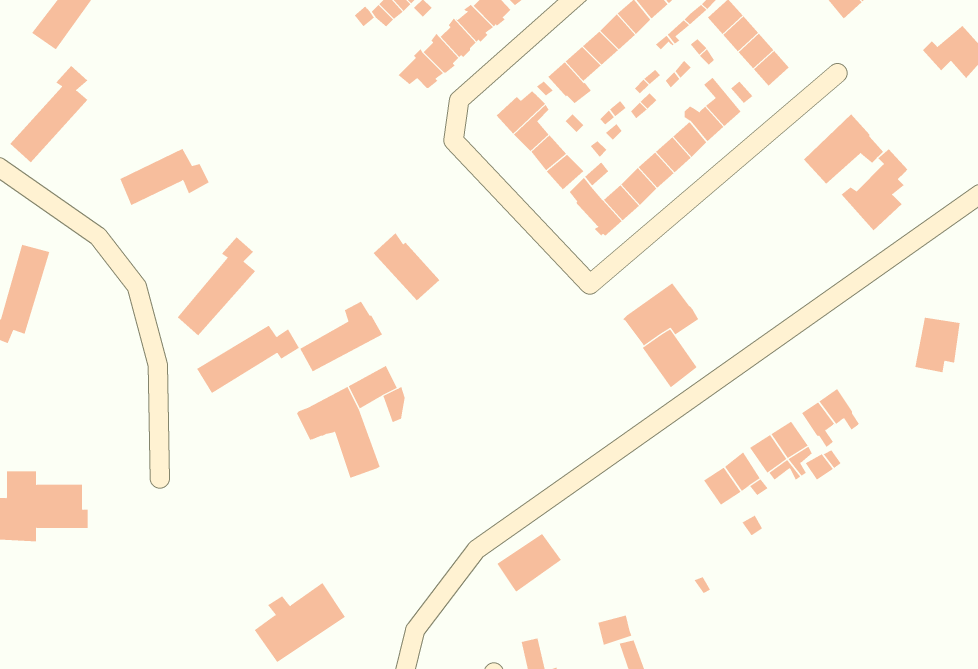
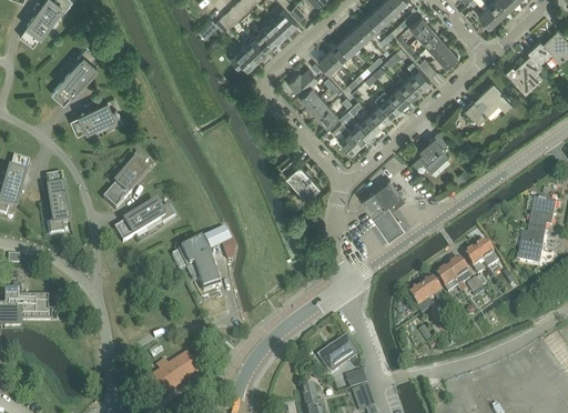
building: [10,65,88,163] -> [51,47,97,103]
building: [841,149,908,231] -> [506,44,545,92]
building: none -> [417,130,449,171]
building: [373,232,440,301] -> [281,157,320,197]
building: none -> [47,173,70,234]
building: [300,301,383,372] -> none
building: none -> [518,228,546,264]
building: [497,533,562,593] -> [320,338,357,372]

